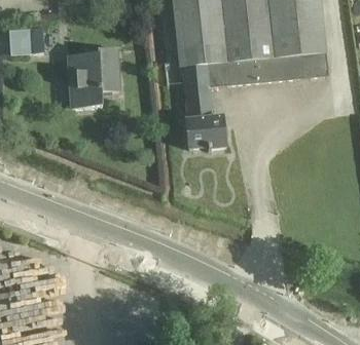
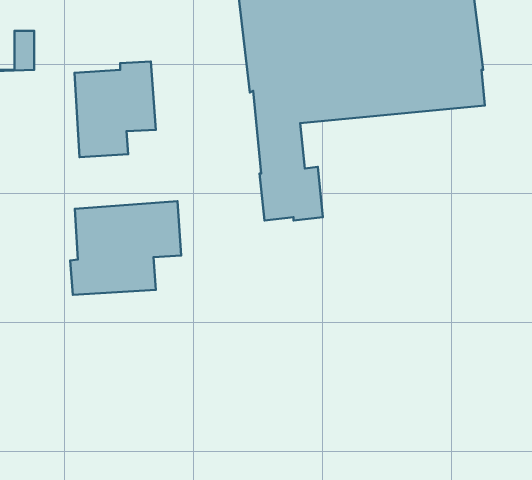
building: none -> [70,201,181,295]

